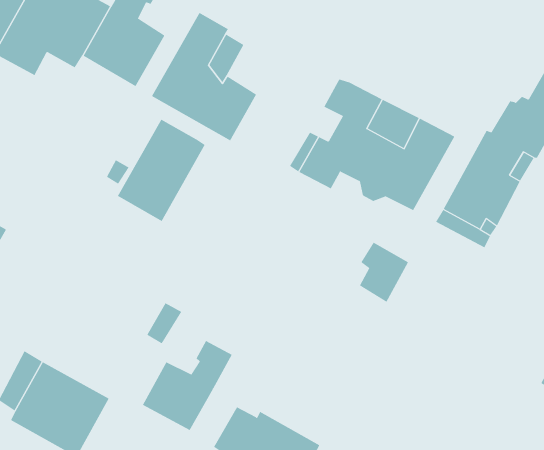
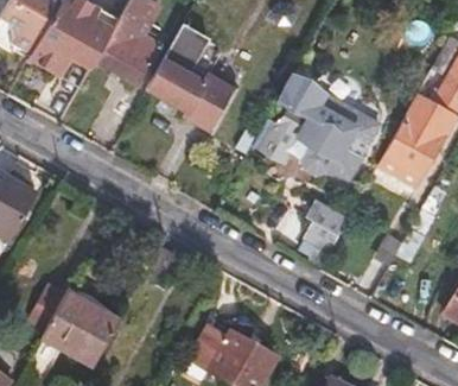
building: [117,119,206,222] -> none
building: [142,340,232,431] -> none

